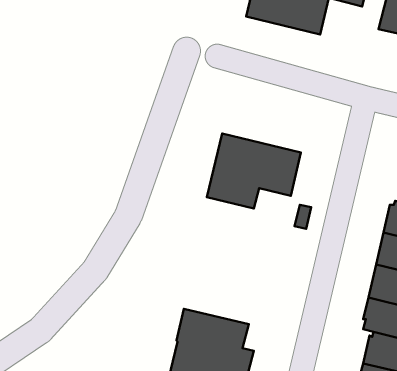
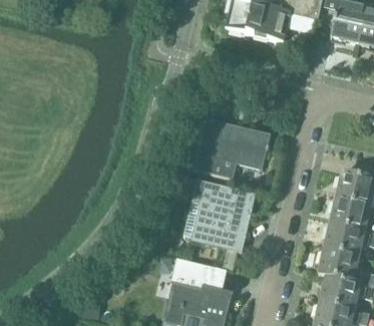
building: none -> [182,180,251,252]

